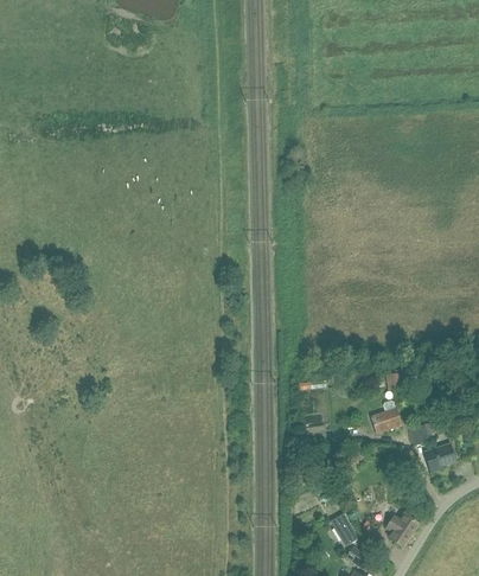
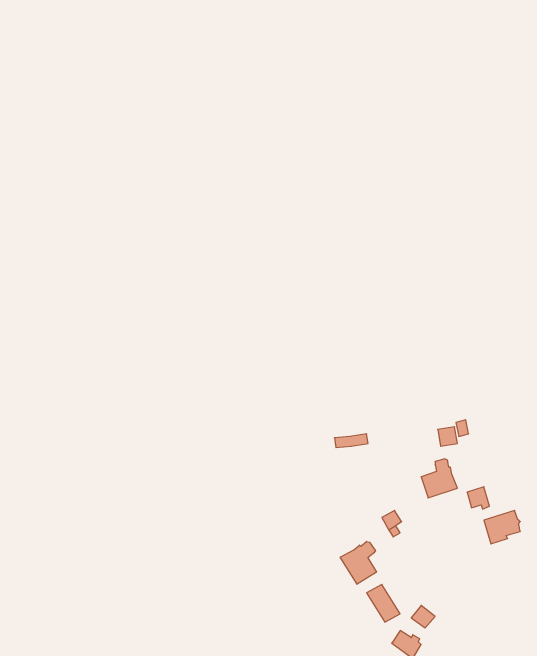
building: none -> [340,541,376,584]
building: [384,512,419,546] -> none

